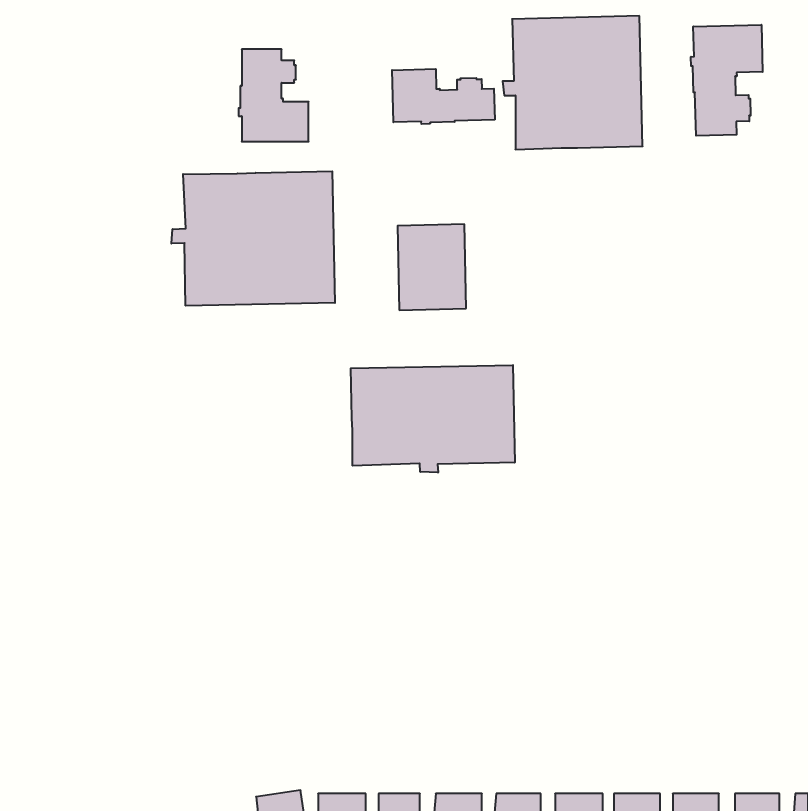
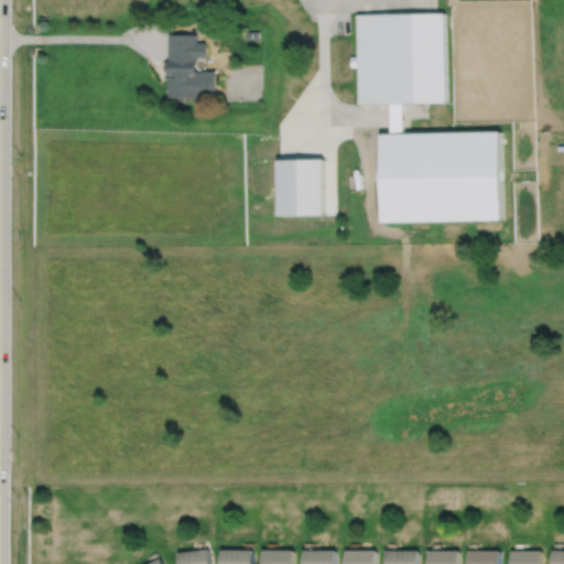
building: [691,25,763,136] -> none
building: [392,69,495,124] -> none
building: [171,171,335,306] -> none
building: none -> [379,129,500,223]
building: [351,365,515,473] -> none

